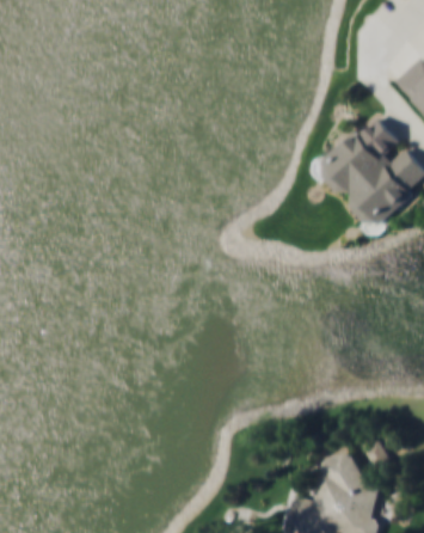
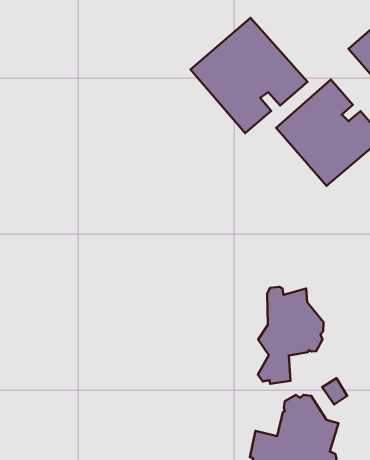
building: none -> [191,18,307,133]
building: none -> [258,287,323,384]

